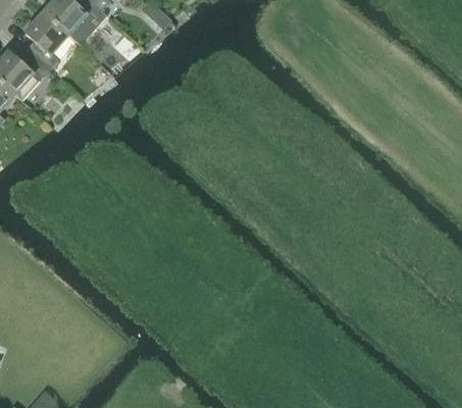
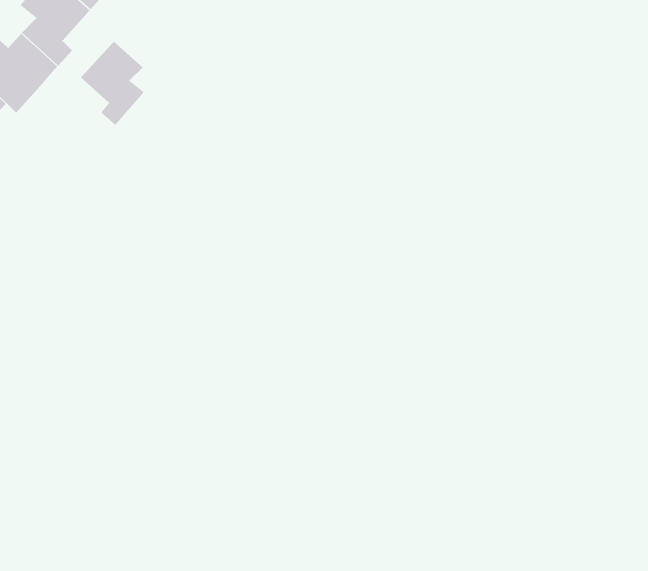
building: none -> [80,41,145,126]

